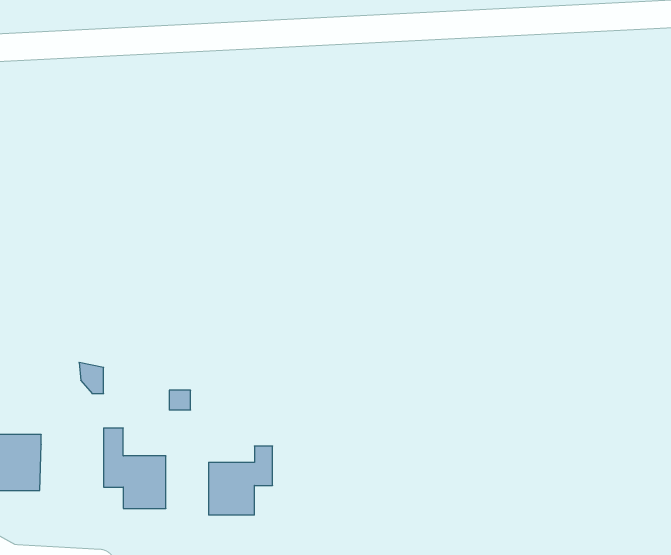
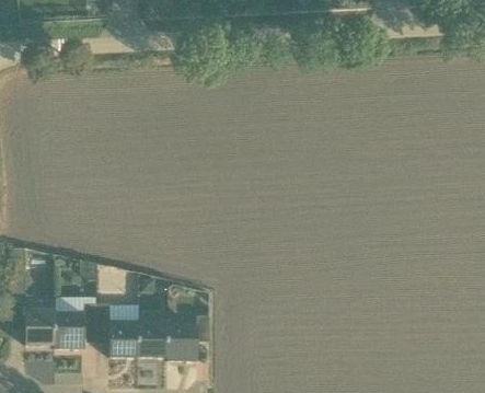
building: none -> [55,302,97,347]
building: none -> [139,321,169,356]

